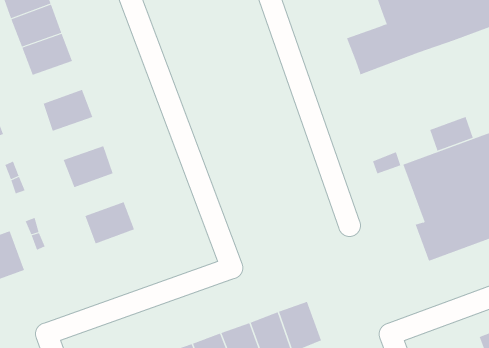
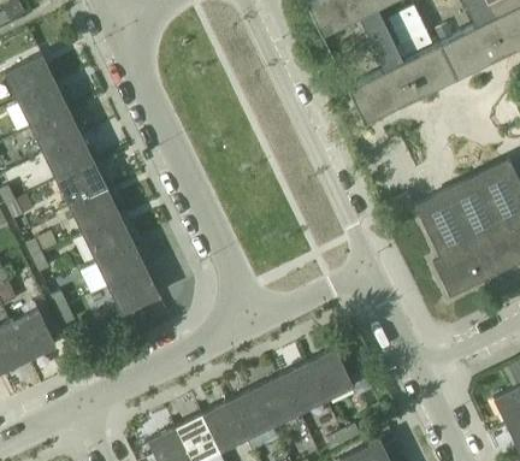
building: none -> [45,137,95,182]
building: [430,116,473,152] -> none
building: none -> [70,190,122,235]
building: none -> [96,243,147,288]

